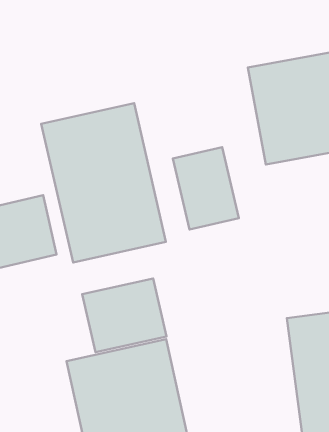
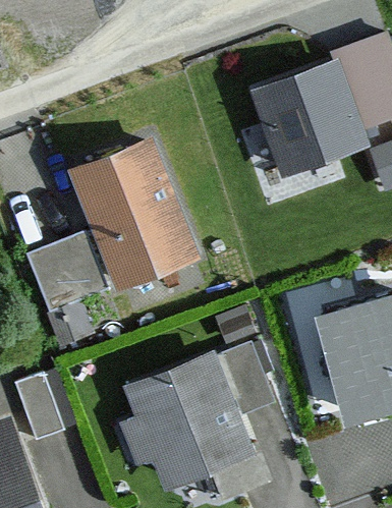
building: [173,147,239,230] -> none
building: [82,279,167,352] -> none

